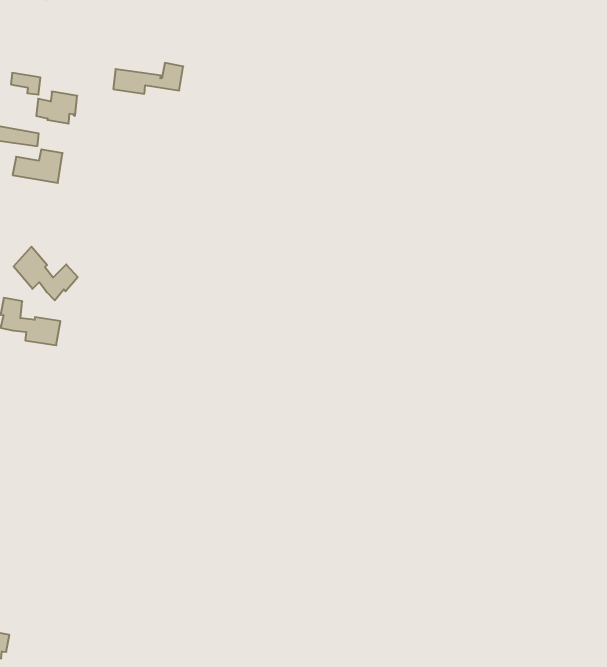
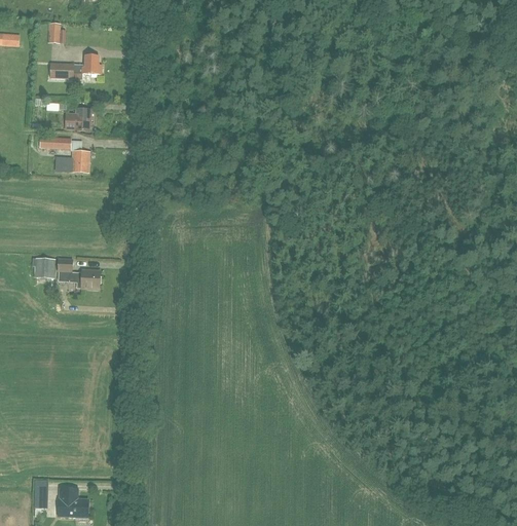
building: [113,63,183,94] -> [49,54,98,78]
building: [14,247,78,300] -> none

